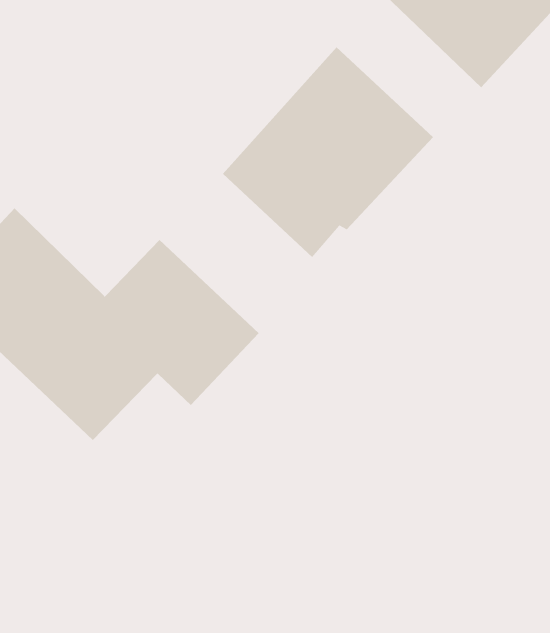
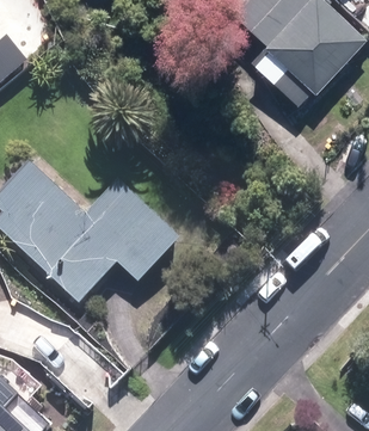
building: [222,47,434,258] -> none

